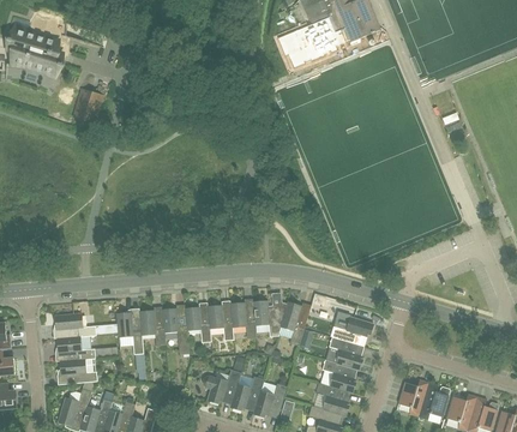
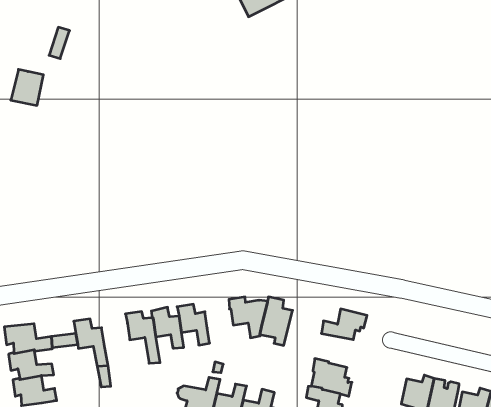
building: [229,302,256,338] -> none
building: [138,311,164,347] -> none
building: [324,337,361,370] -> none

